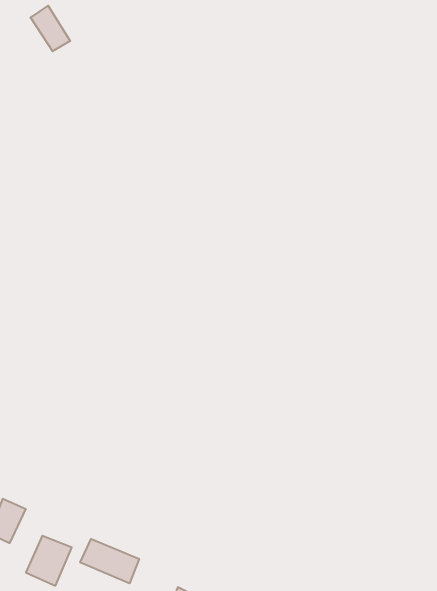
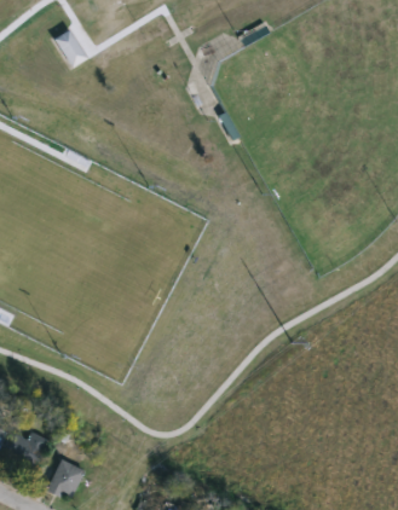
building: [80,539,139,583] -> none

